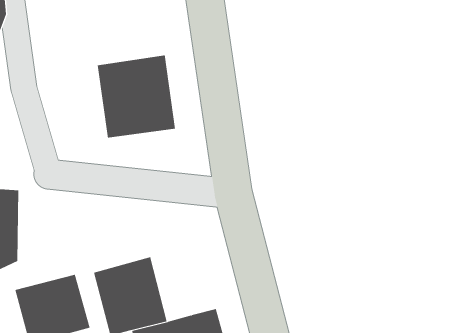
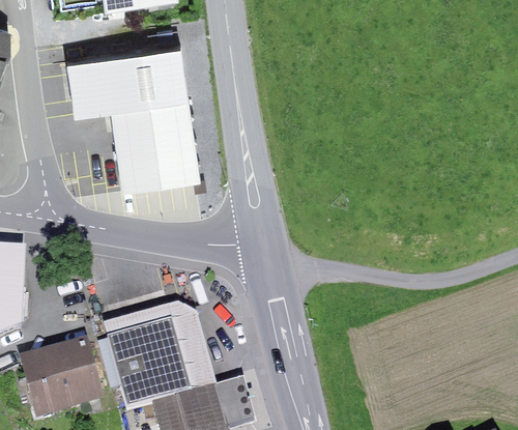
building: none -> [66,46,188,115]
building: none -> [104,310,217,397]

